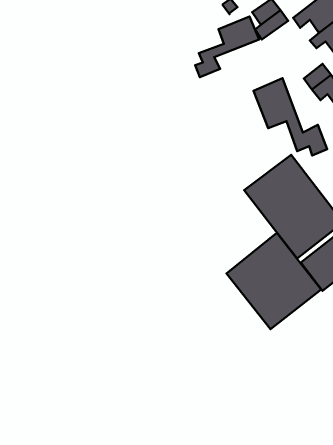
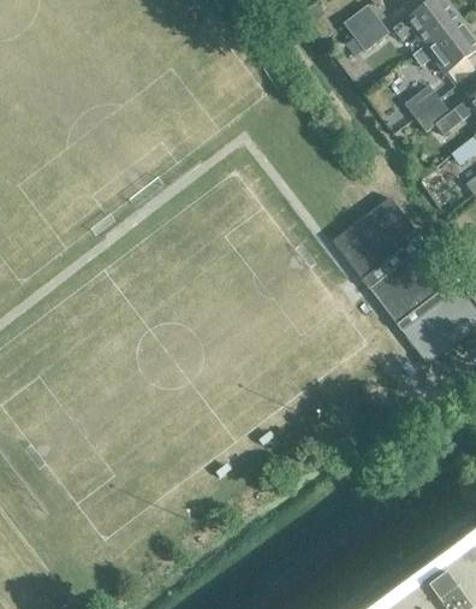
building: [195,16,259,77] -> none
building: [253,78,327,155] -> none
building: [226,233,321,329] -> none

